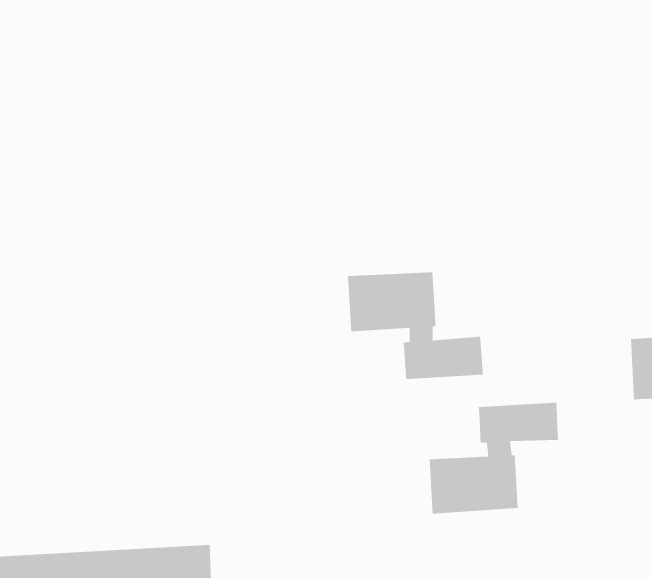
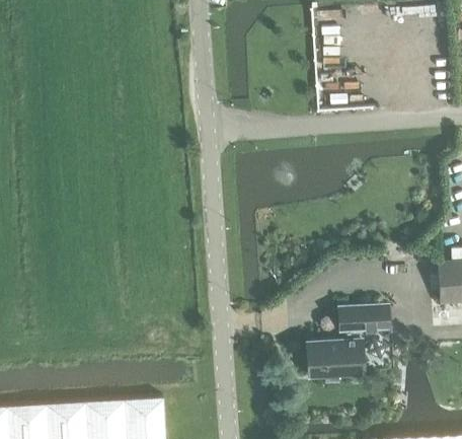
building: [347,271,484,380] -> none

